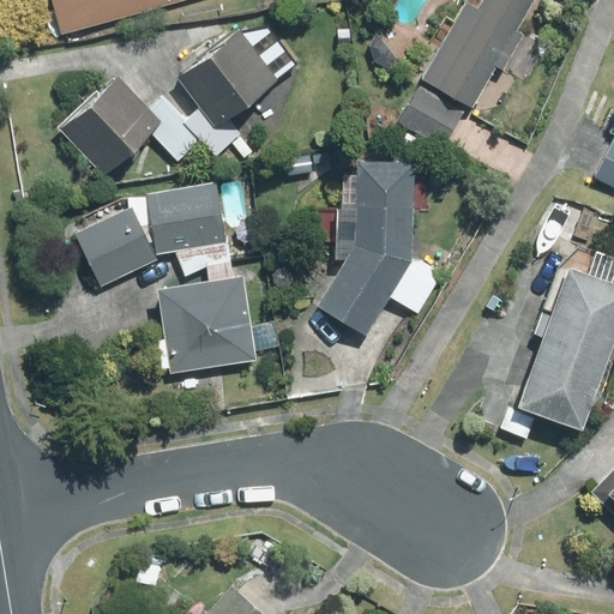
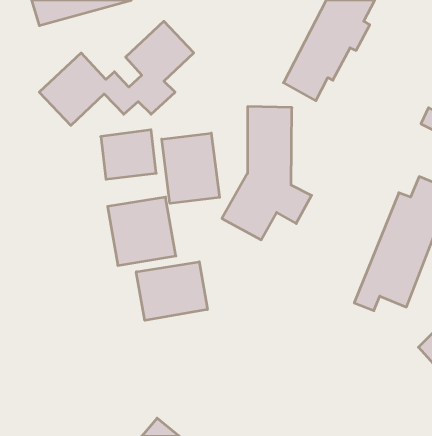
building: none -> [162,133,220,203]
building: [74,210,157,290] -> none
building: none -> [136,262,207,320]

